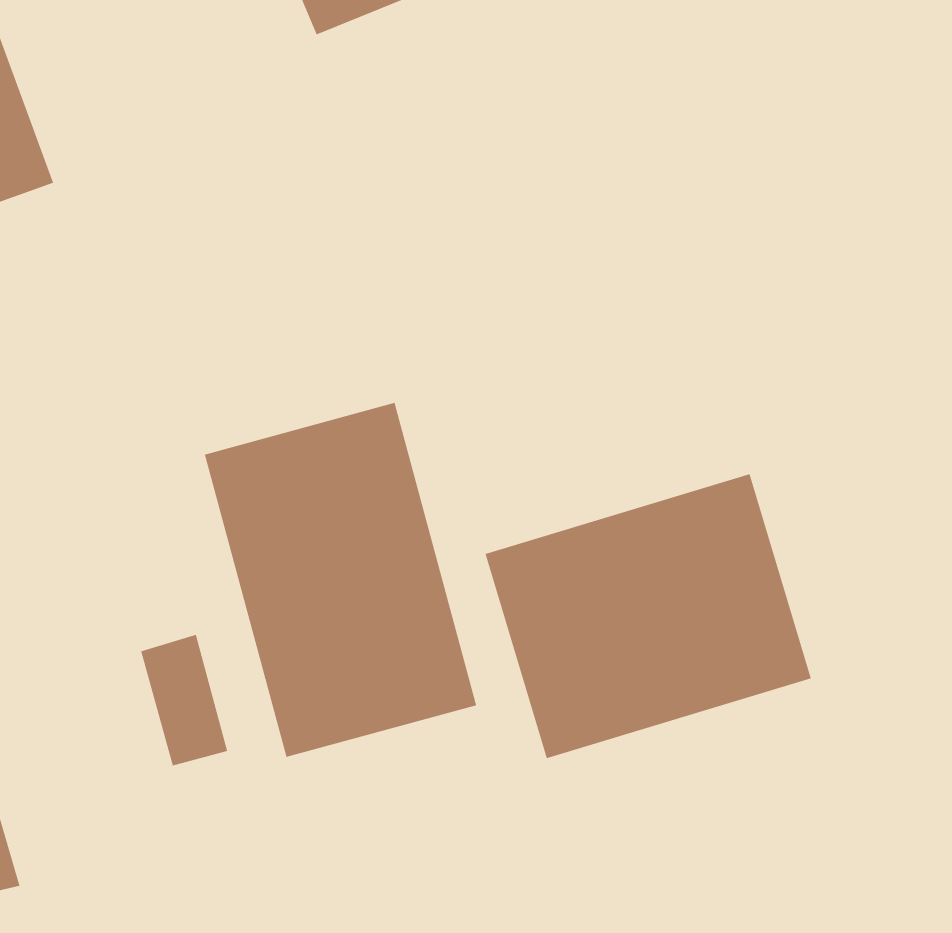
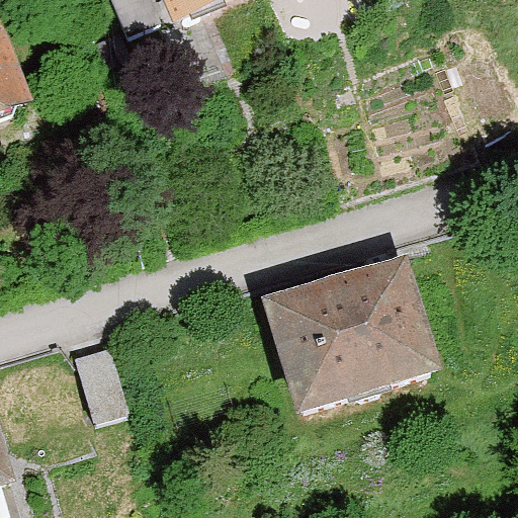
building: [204,402,477,758] -> none

